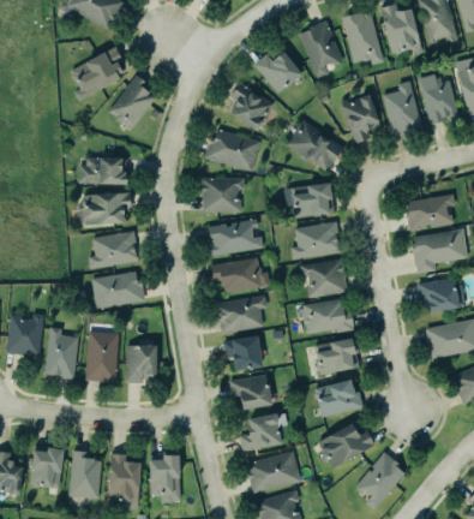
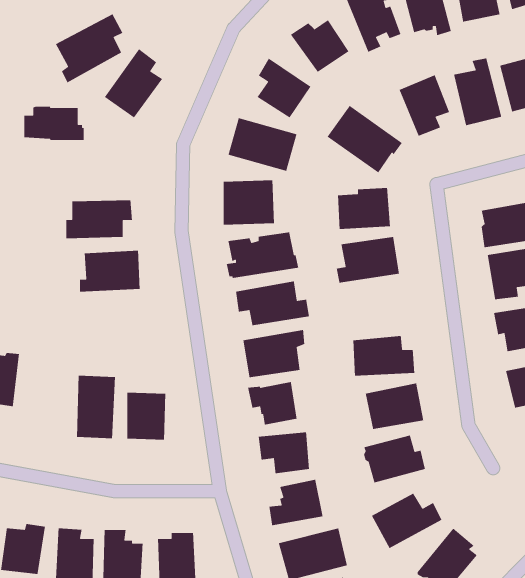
building: [78,156,126,184] -> [23,106,85,141]
building: [299,256,346,297] -> none
building: [92,270,144,308] -> none
building: [46,327,79,378] -> none

